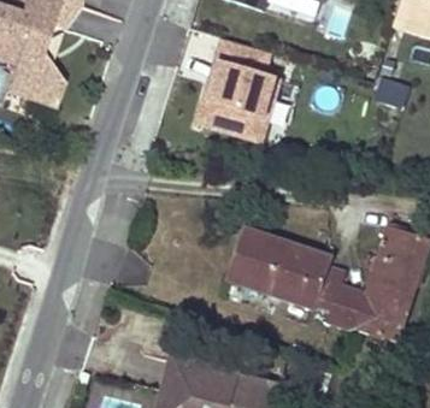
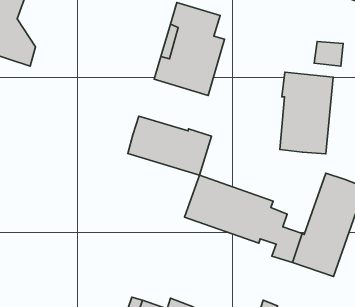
building: none -> [280,72,333,154]
building: none -> [128,116,212,175]

